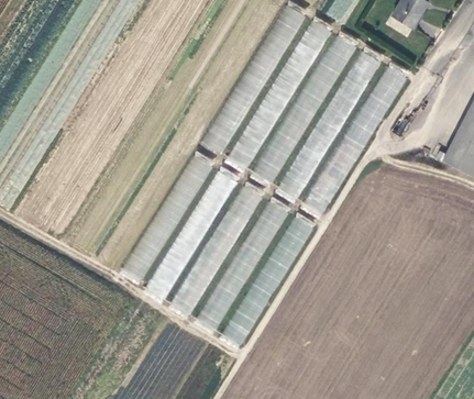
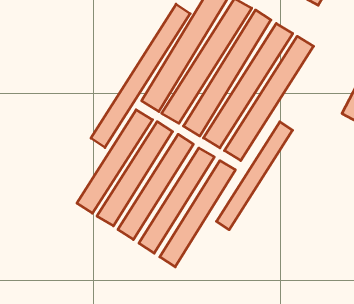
building: none -> [91,4,190,148]
building: none -> [216,122,293,230]

